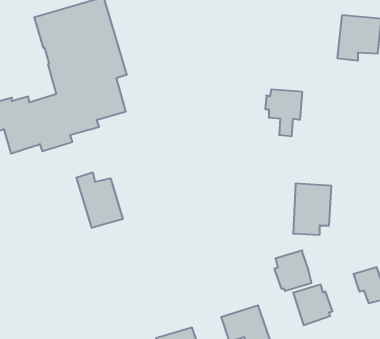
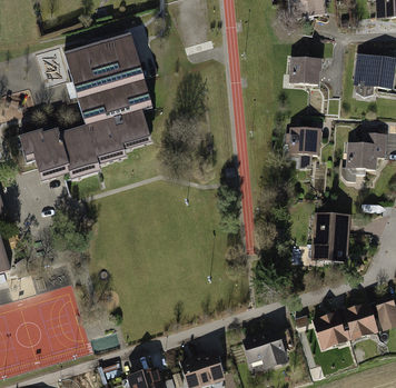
building: none -> [286,56,320,87]
building: none -> [346,128,388,178]
building: [77,172,123,228] -> none
building: [274,250,311,291] -> [343,298,378,337]

